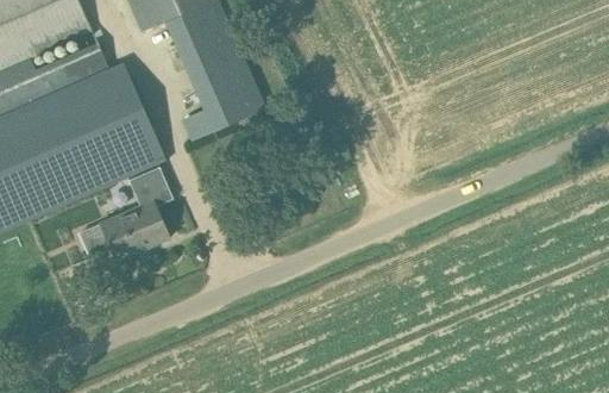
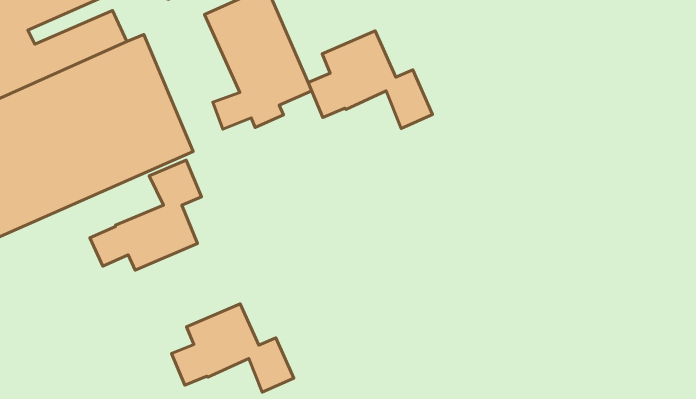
building: none -> [308,31,432,128]
building: none -> [172,304,294,392]

